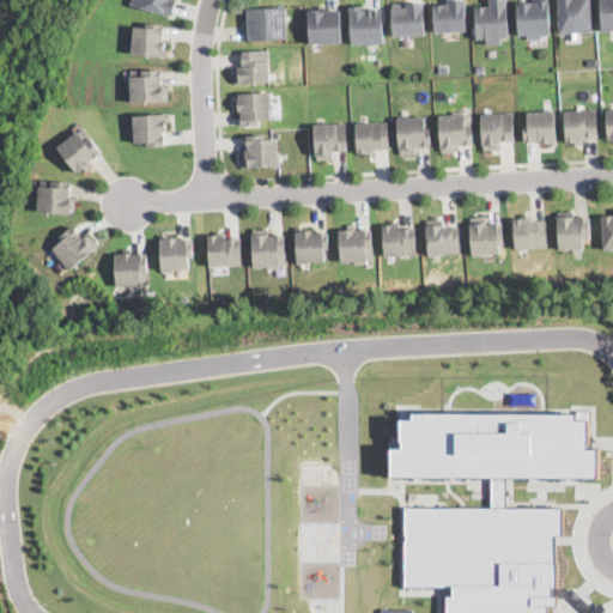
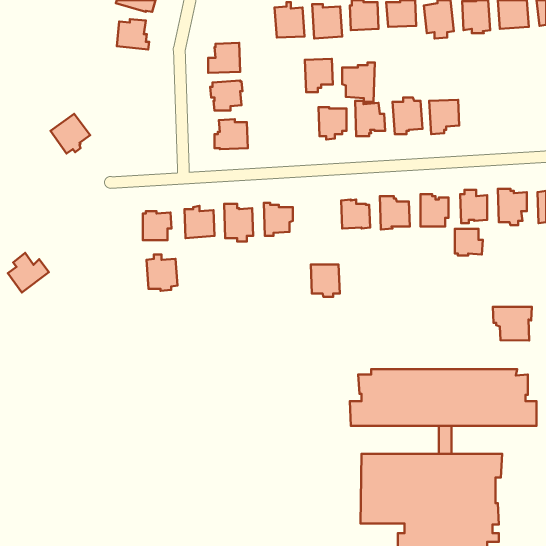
building: [245,8,285,42] -> none
building: [128,69,168,103] -> none
building: none -> [342,63,375,102]
building: [521,109,554,147] -> none
building: [563,110,595,146] -> none
building: [132,114,168,148] -> none
building: [314,123,345,160] -> [305,59,333,92]
building: [34,181,74,214] -> none
building: [51,226,97,271] -> [8,253,49,293]
building: [338,230,370,266] -> [311,265,340,297]
building: [113,249,147,290] -> [146,254,178,291]
building: none -> [455,229,483,255]
building: none -> [493,307,532,340]

